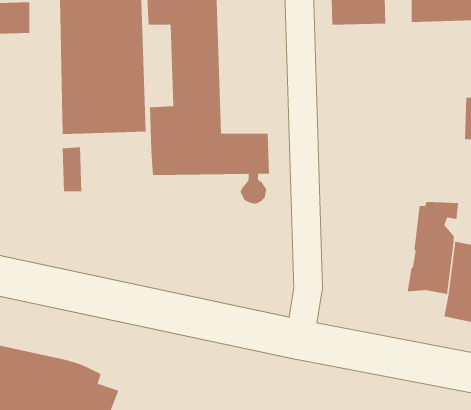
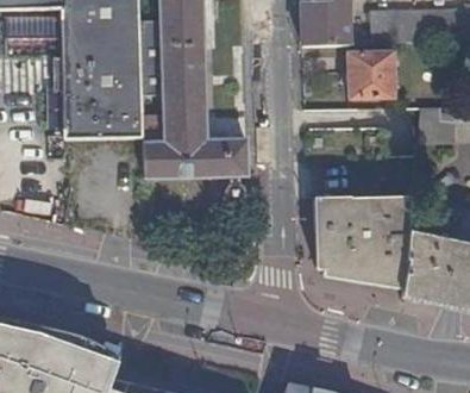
building: none -> [347,51,394,98]
building: none -> [313,198,383,277]

